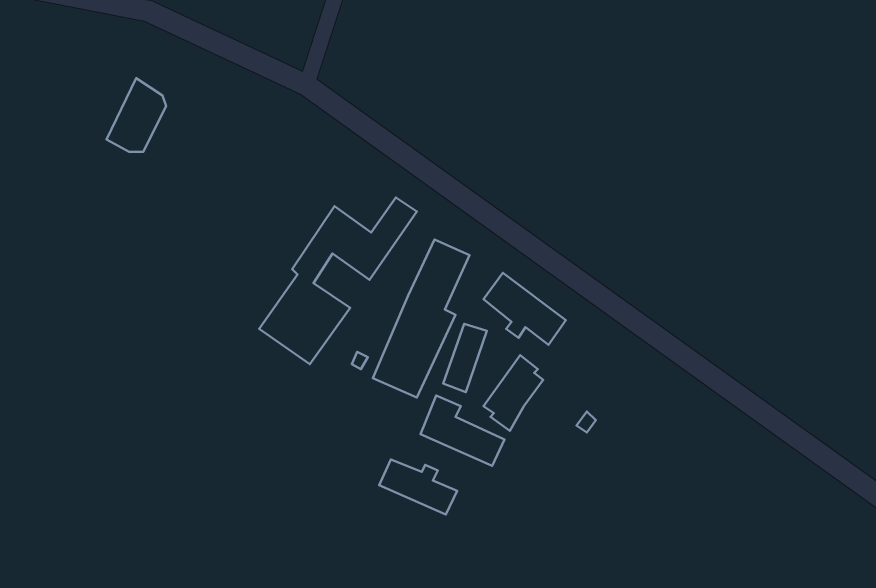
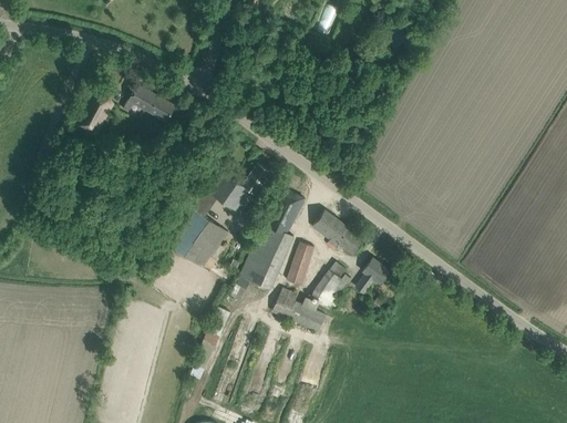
building: none -> [123,83,175,120]
building: none -> [355,258,389,293]
building: [379,459,457,515] -> none

